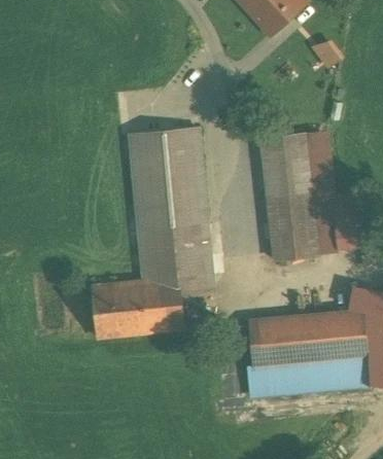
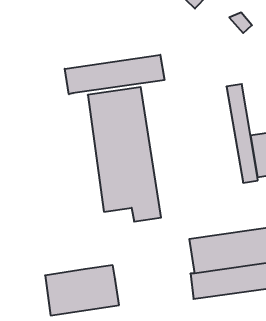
building: none -> [65,55,164,94]
building: [260,133,319,259] -> none
building: [93,278,183,337] -> [45,265,119,315]

